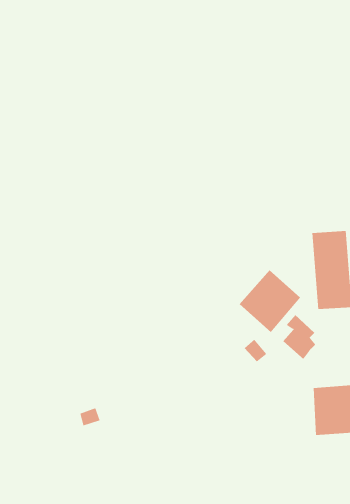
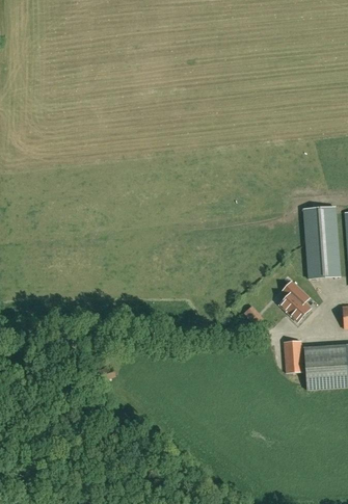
building: [239,270,301,333] -> none
building: none -> [285,340,303,372]

